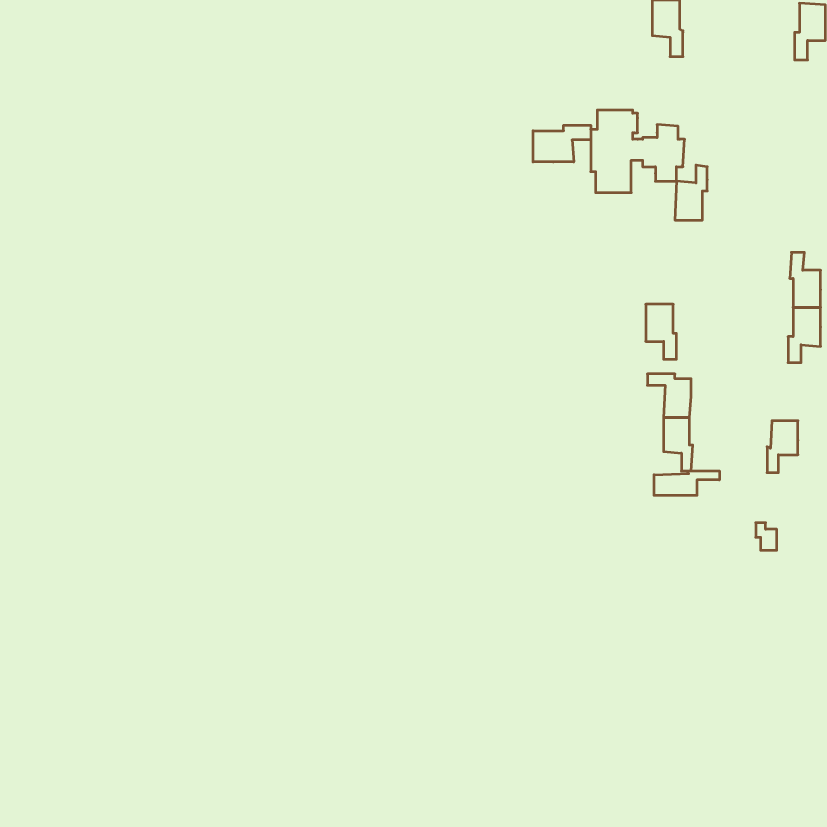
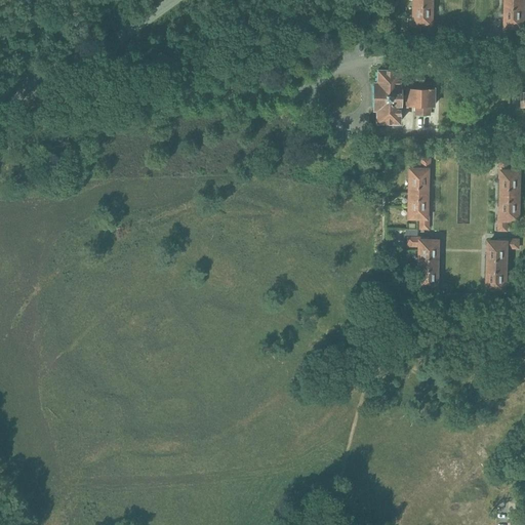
building: [533,125,591,162] -> none
building: [675,165,707,220] -> [409,158,430,193]
building: none -> [489,239,518,267]
building: [654,471,719,495] -> none

